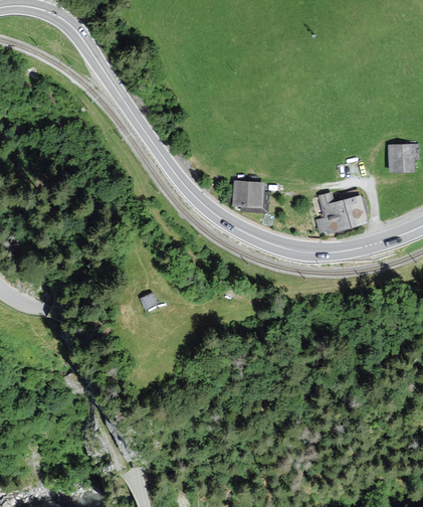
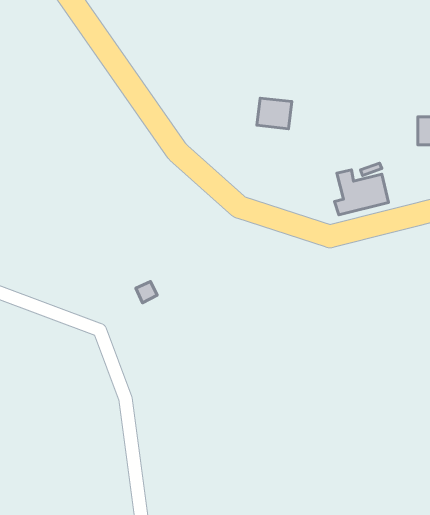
building: [232,180,263,207] -> [257,98,292,129]

